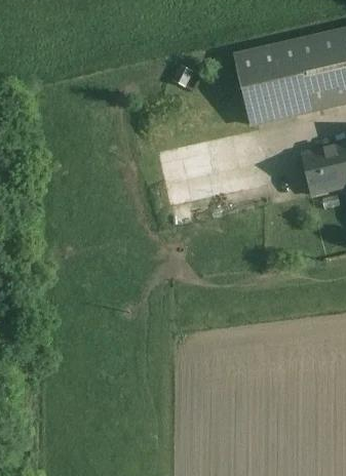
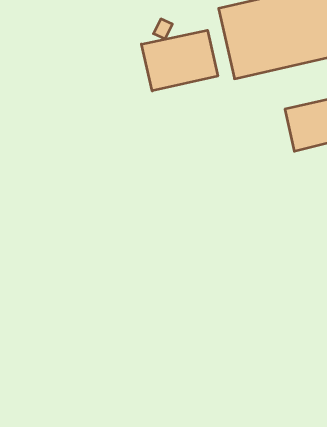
building: none -> [141,30,218,91]

